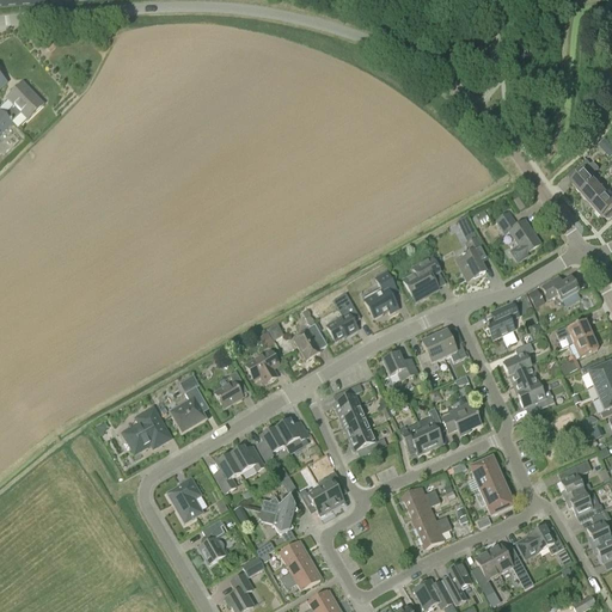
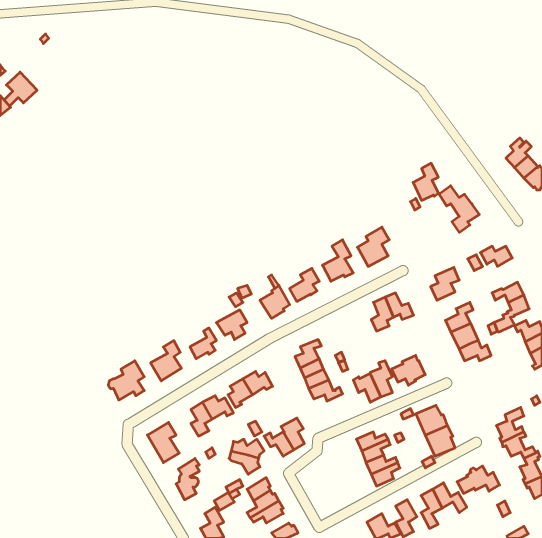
building: [455,237,484,279] -> [413,163,438,200]
building: [381,351,417,379] -> none

